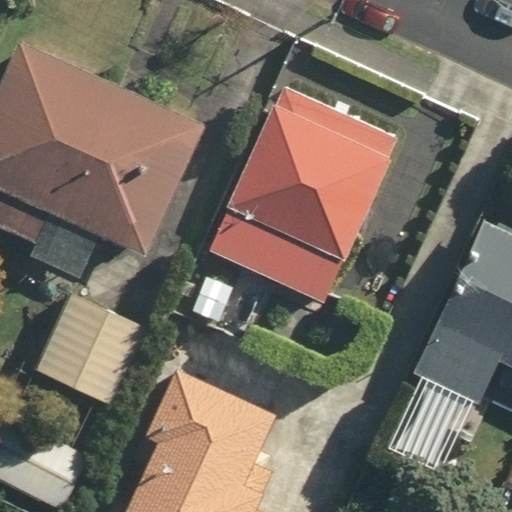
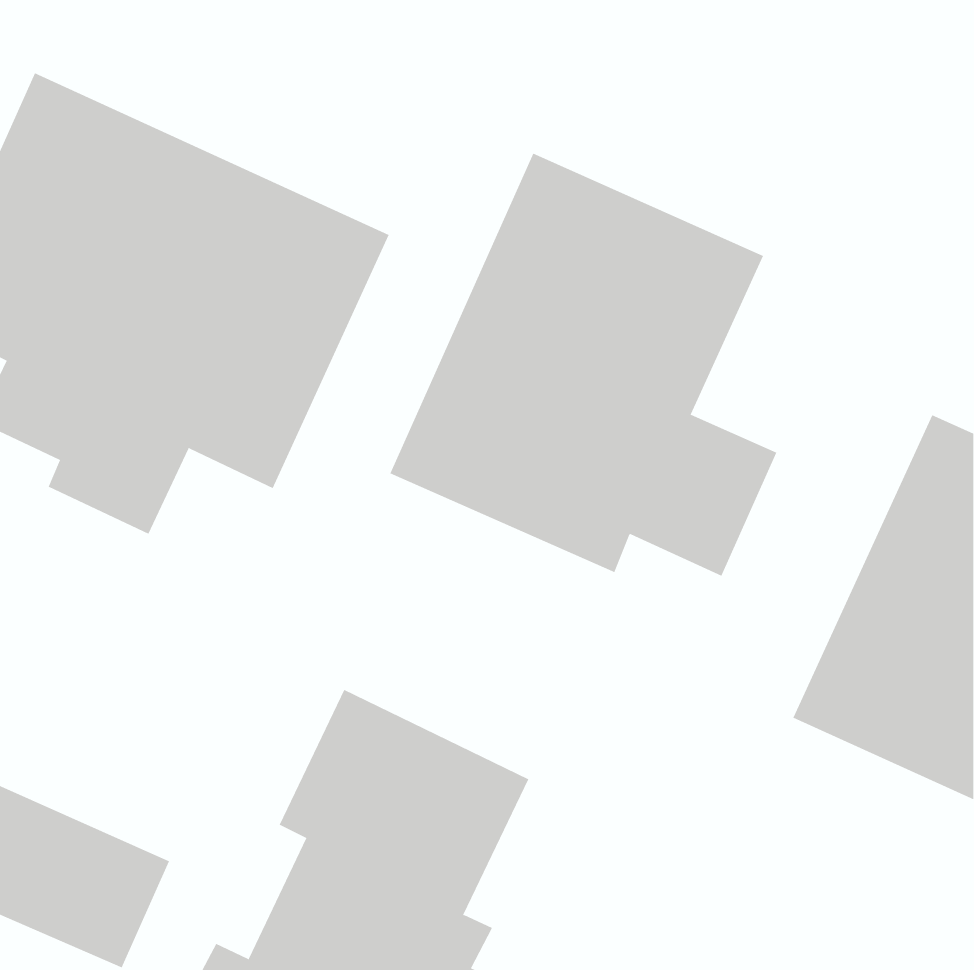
building: [39,295,145,406] -> none

